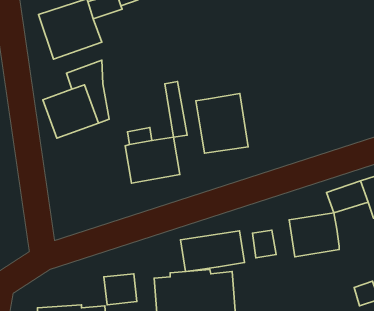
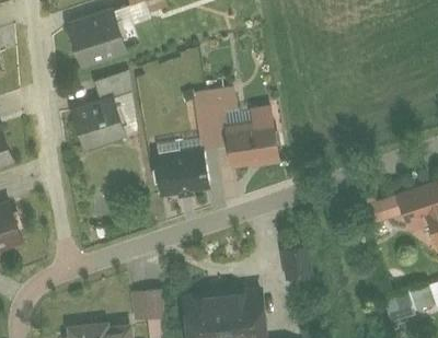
building: none -> [207,89,239,148]
building: [289,213,339,257] -> none
building: [180,231,245,271] -> none

